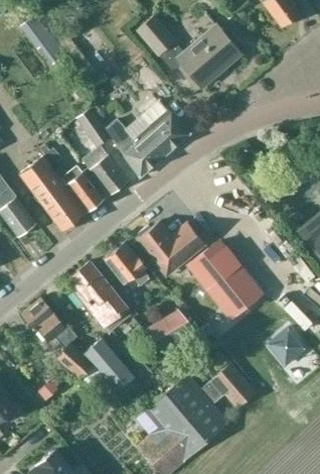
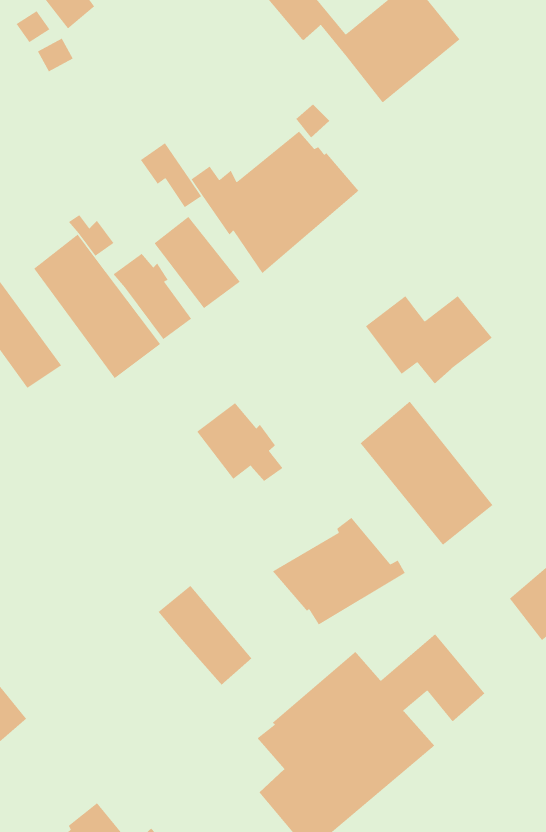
building: [139,222,205,268] -> [365,295,493,384]
building: [69,261,130,331] -> none
building: [21,298,86,370] -> none

